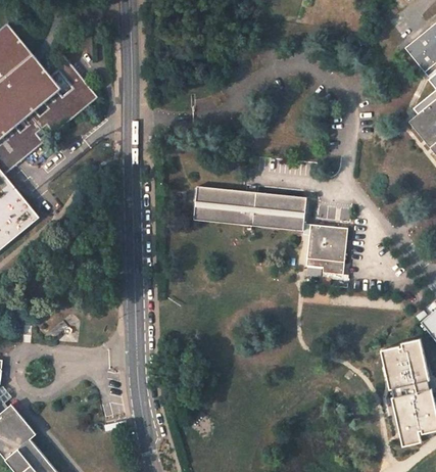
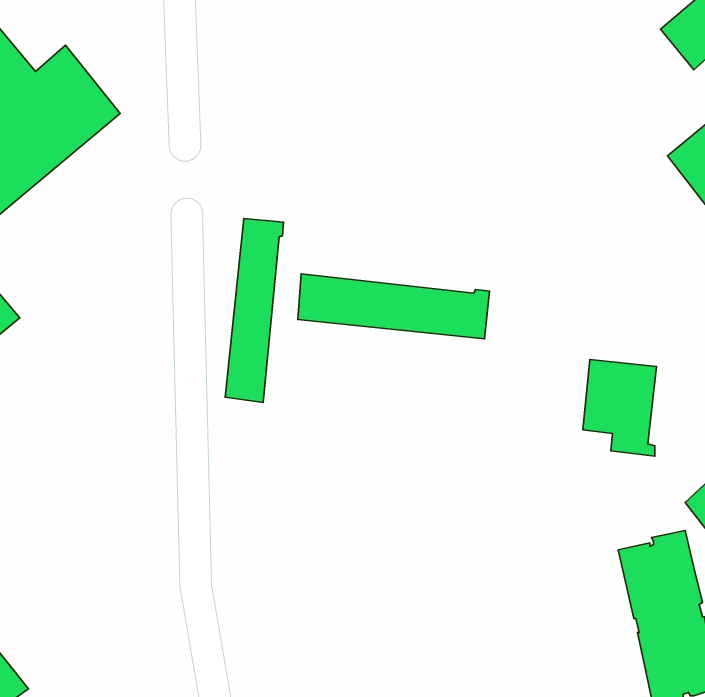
building: none -> [225,218,284,402]
building: [307,225,350,281] -> [583,359,657,456]

